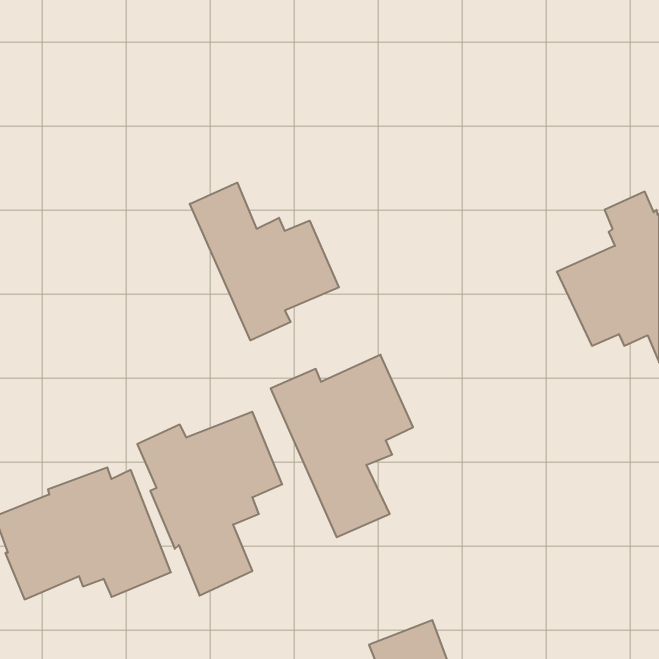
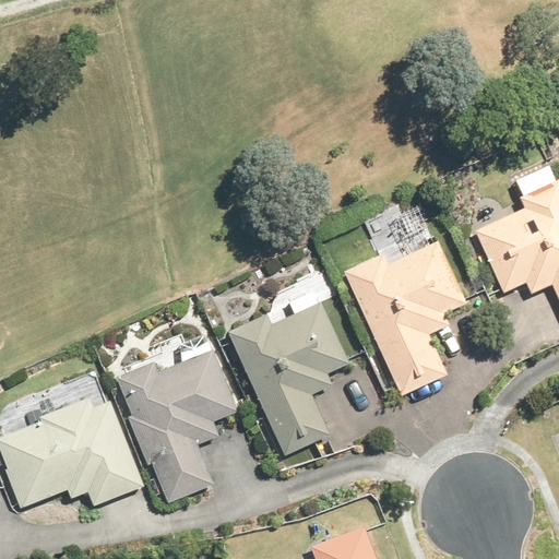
building: [190,183,339,340] -> none
building: none -> [344,240,468,397]

